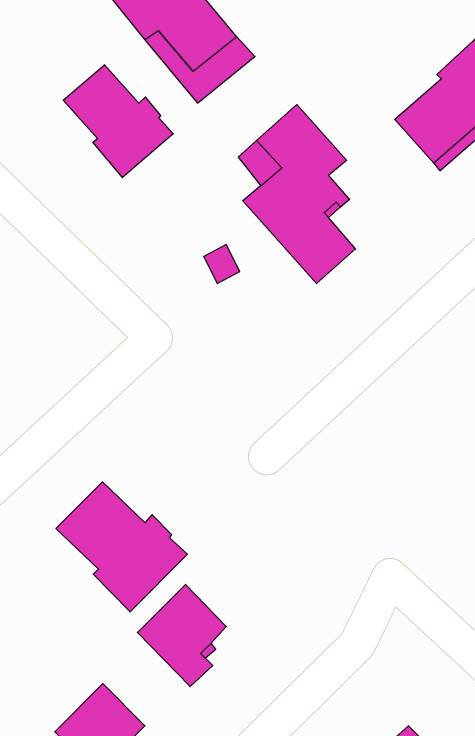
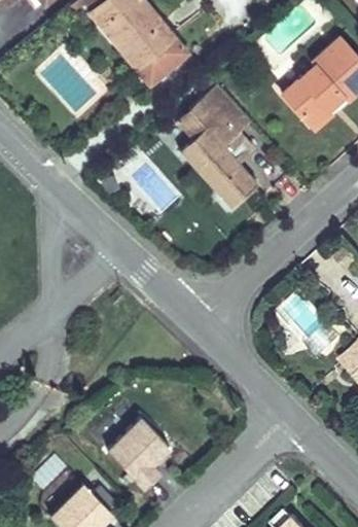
building: [63,65,173,178] -> none
building: [56,482,187,612] -> none

